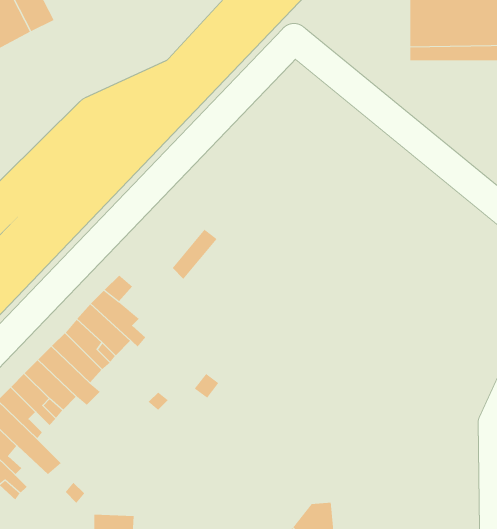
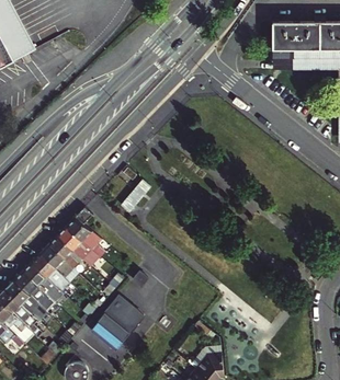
building: none -> [89,296,144,350]

